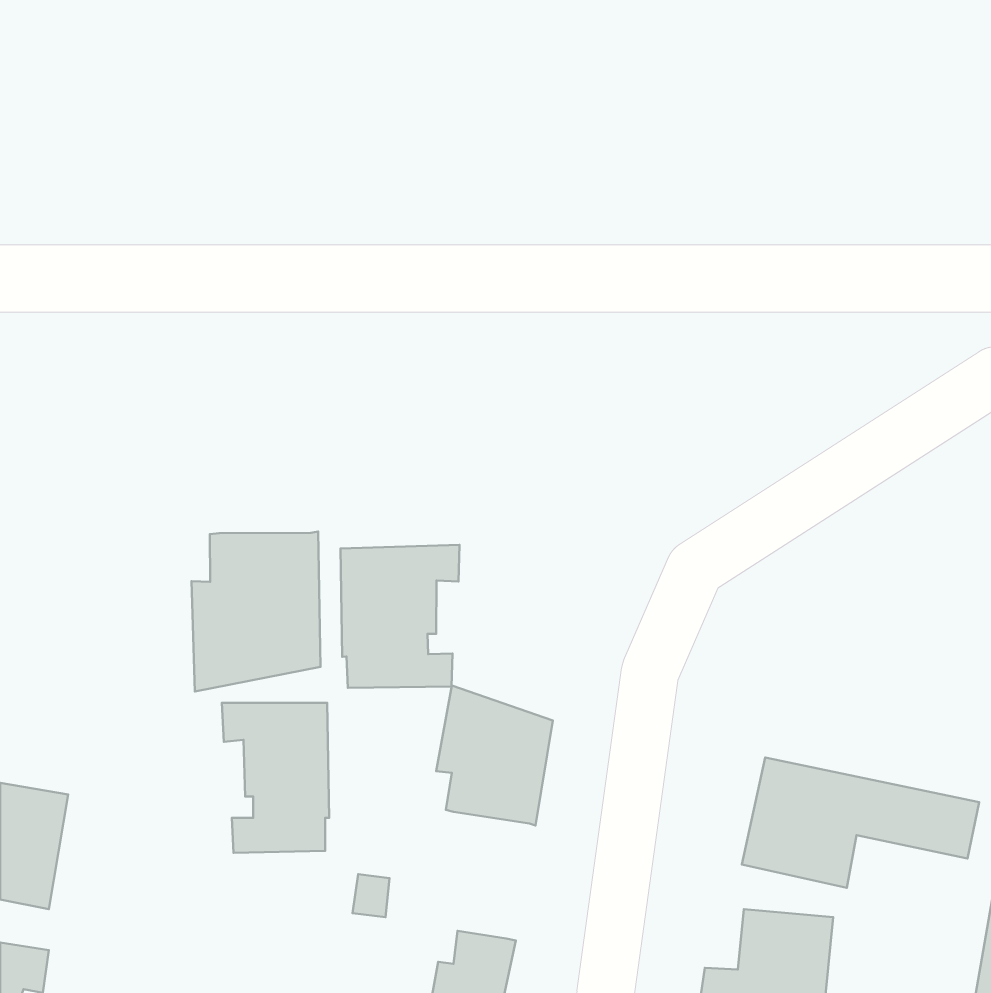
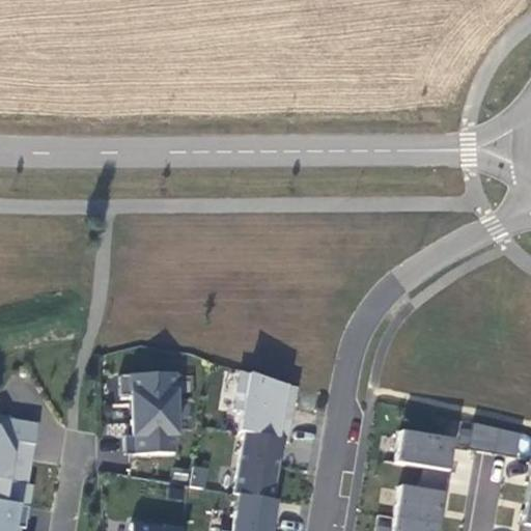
building: [191,532,320,692] -> none
building: [340,545,459,688] -> none
building: none -> [233,434,284,501]

